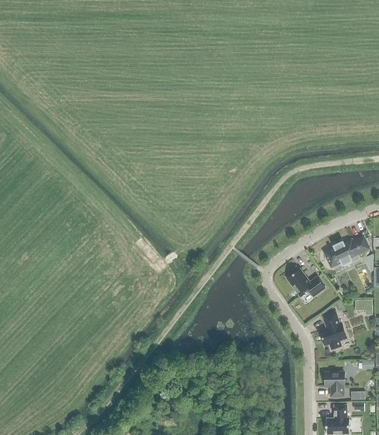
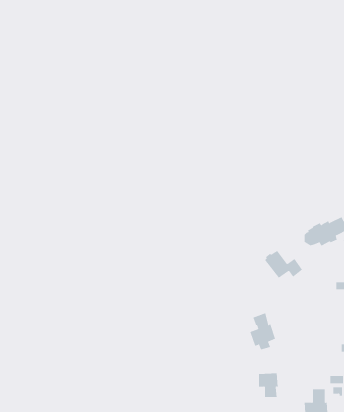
building: [320,312,346,349] -> [249,312,276,350]
building: [325,372,345,396] -> [258,373,278,397]

